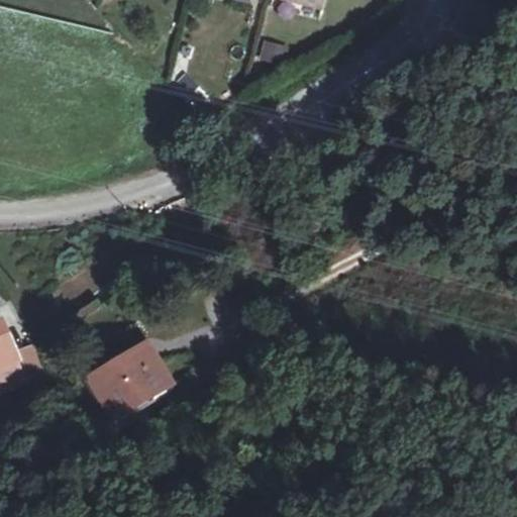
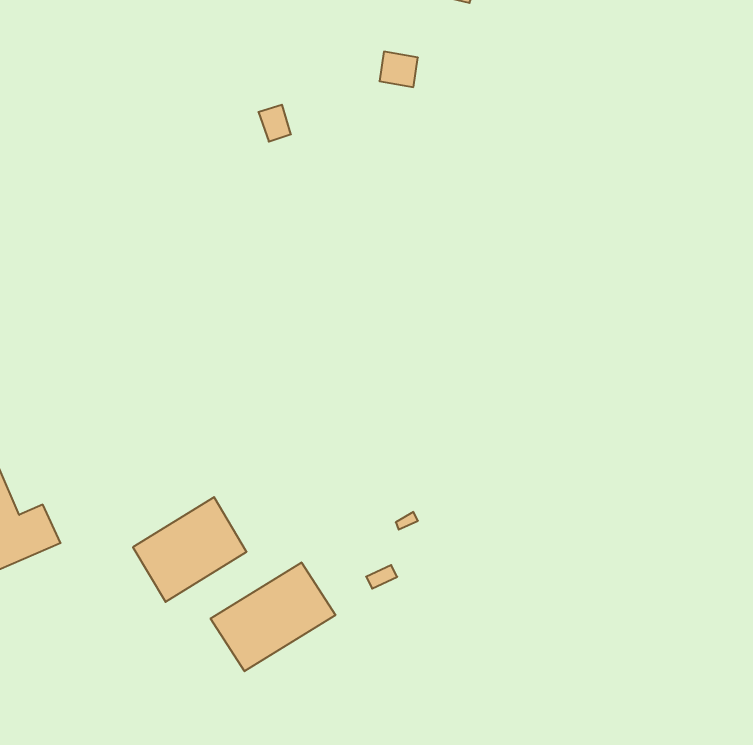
building: none -> [211,562,335,671]

